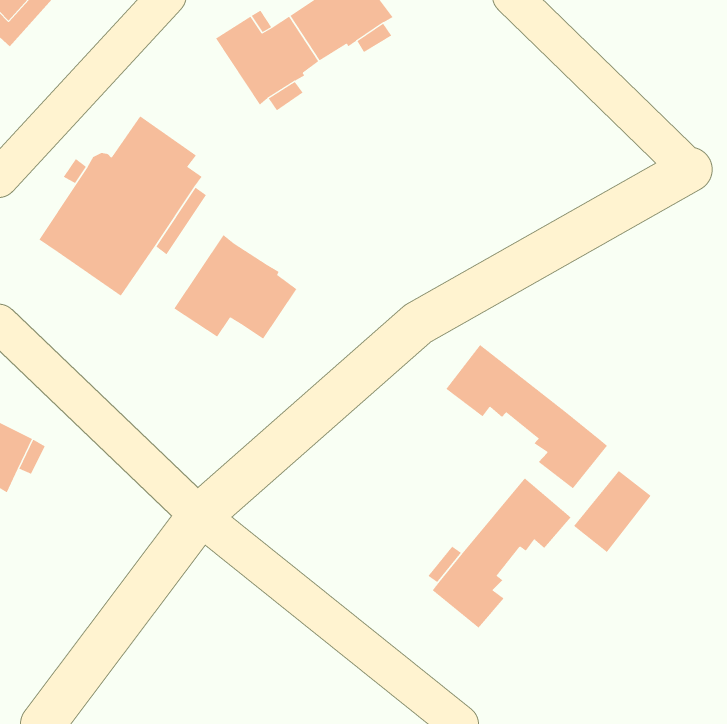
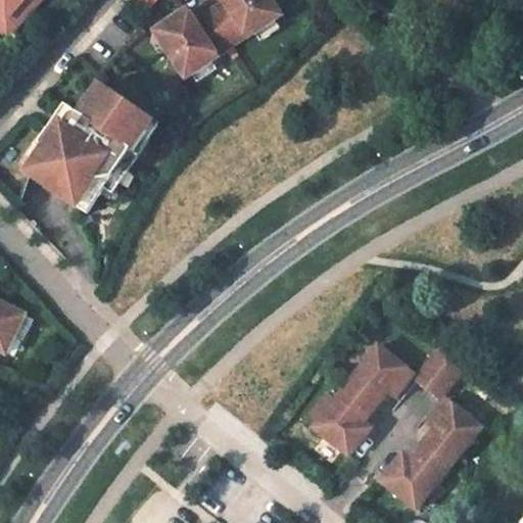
building: [173,234,297,340] -> none
building: [446,344,608,489] -> none
building: none -> [377,395,478,506]

